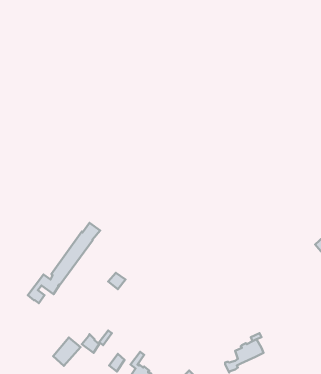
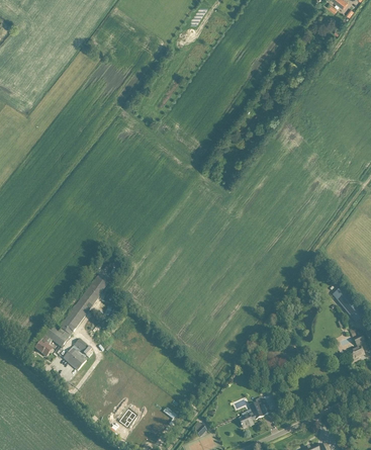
building: [53,337,81,366] -> [63,339,91,368]

